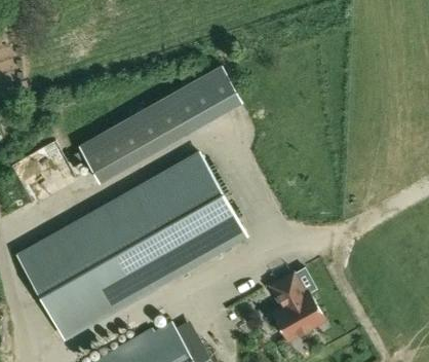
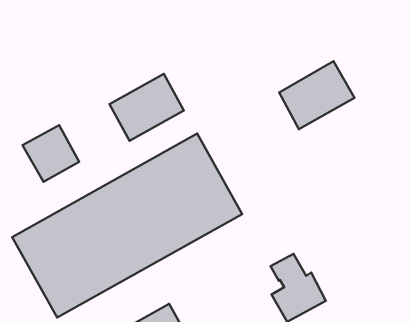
building: [166,65,240,132] -> [279,61,354,129]
building: [77,125,132,181] -> [23,125,79,182]

